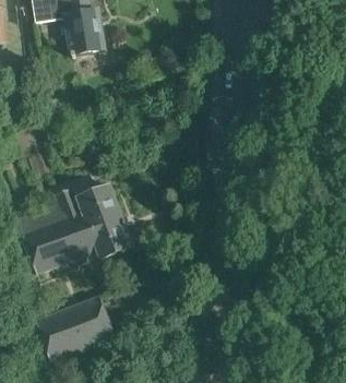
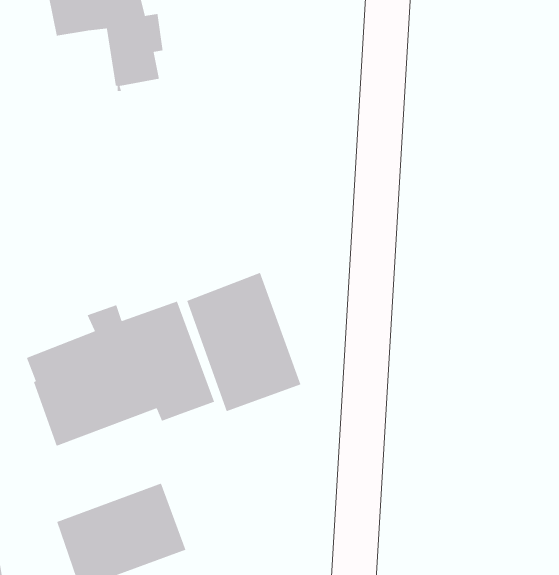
building: none -> [186,272,302,412]

